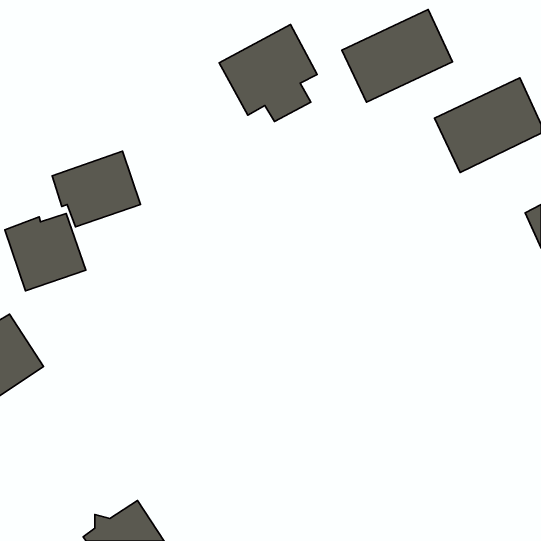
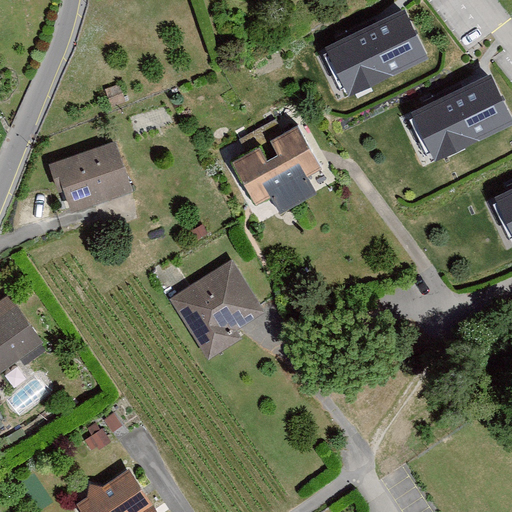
building: [219,24,317,121] -> [230,123,322,214]
building: [5,214,86,291] -> none
building: none -> [169,259,266,361]

